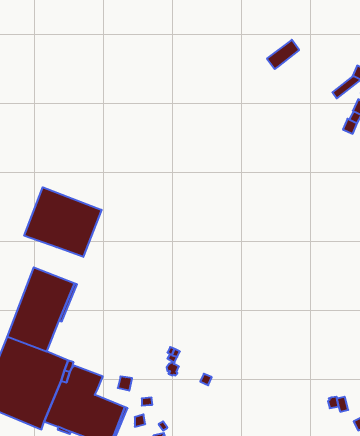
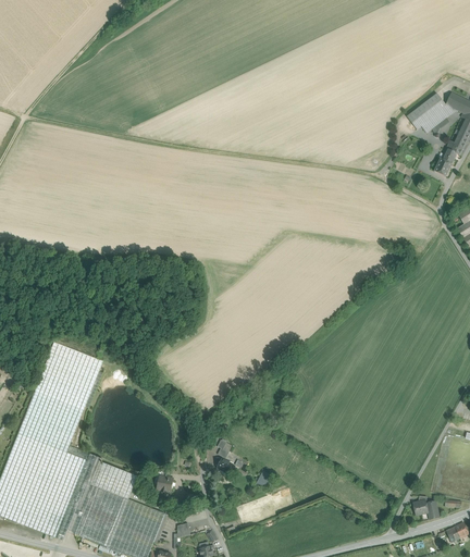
building: [267,40,299,69] -> [406,94,445,129]
building: [24,187,102,257] -> none

